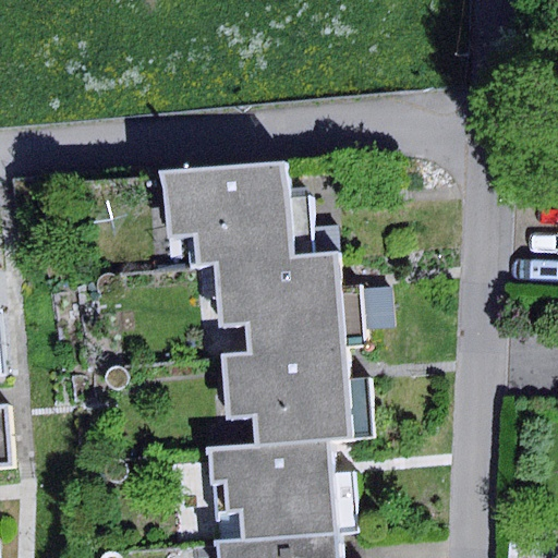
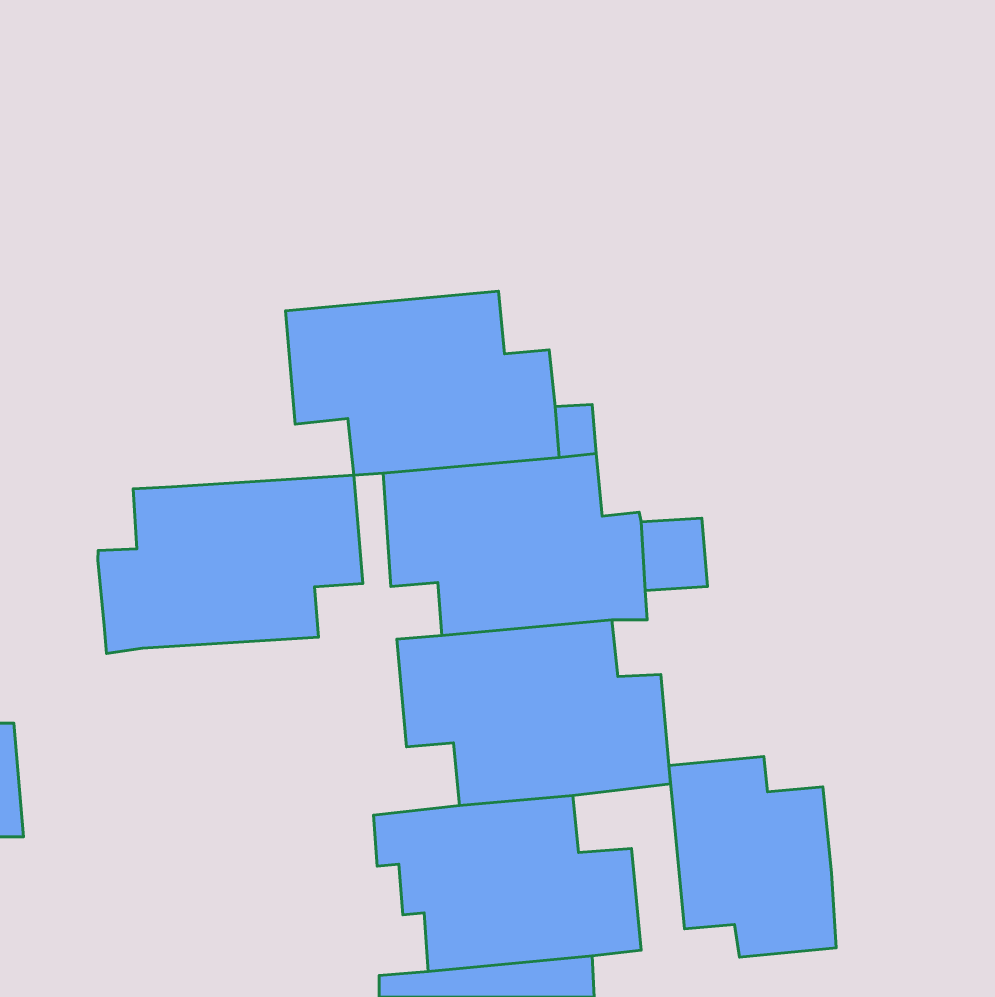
building: none -> [98,475,363,653]
building: none -> [669,756,836,957]

